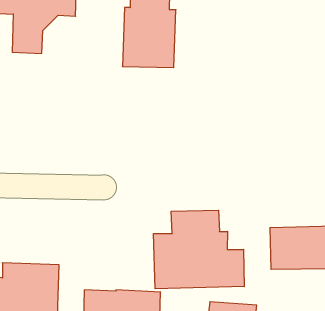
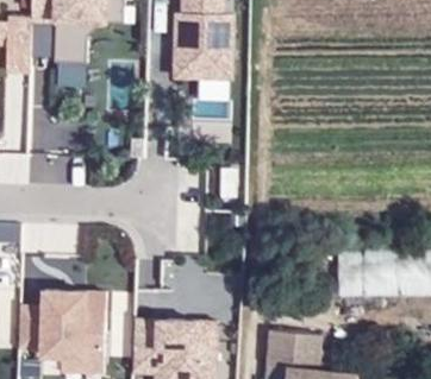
building: [153,210,244,289] -> none

